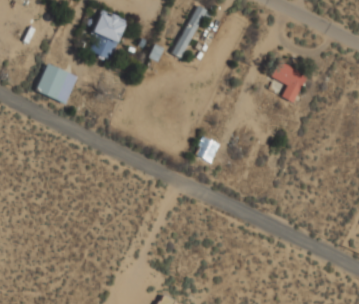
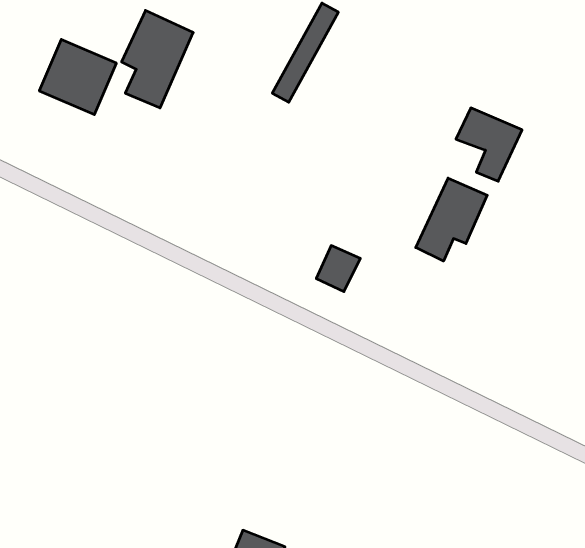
building: [35,63,77,104] -> [39,39,116,115]
building: none -> [416,178,487,261]

